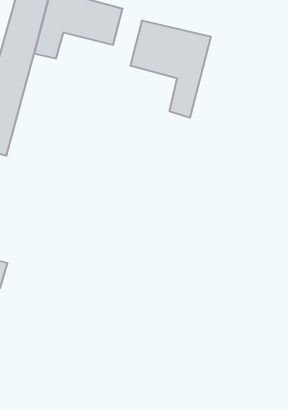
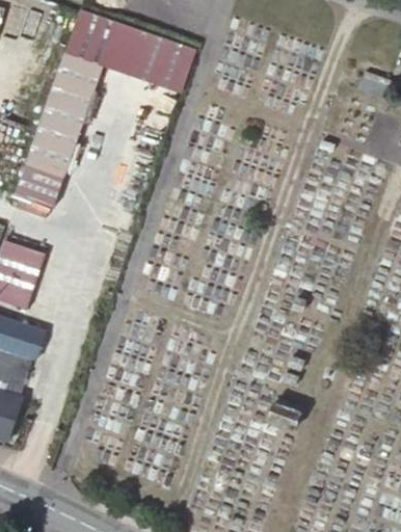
building: [131,20,211,118] -> none

